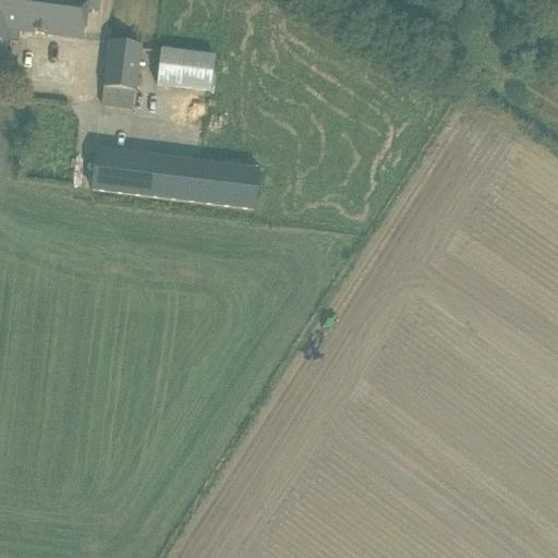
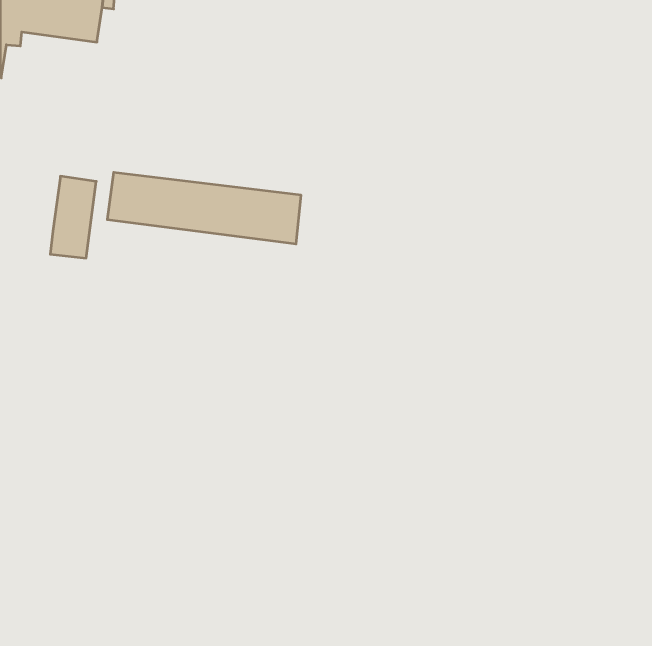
building: [102,38,142,108] -> [50,176,96,258]
building: [156,46,215,89] -> none

